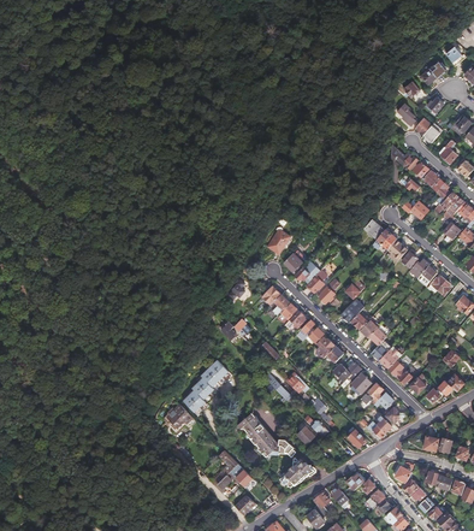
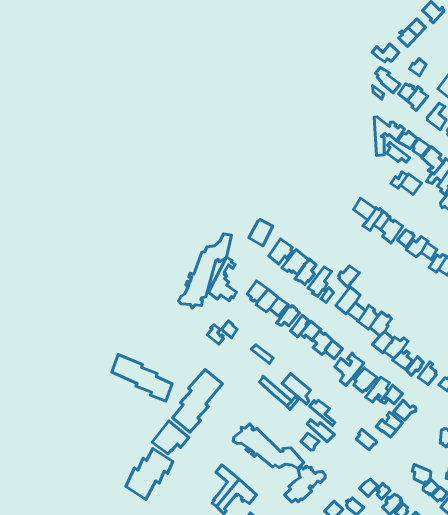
building: none -> [178,234,232,308]
building: none -> [112,355,172,401]
building: none -> [126,448,173,499]

